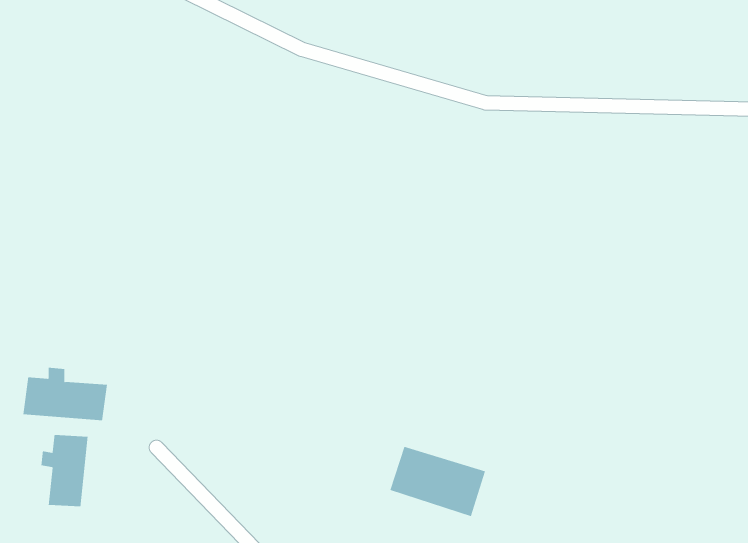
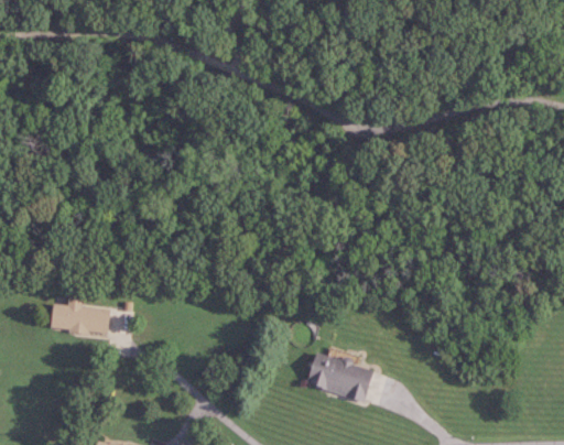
building: [41,434,88,507] -> none

